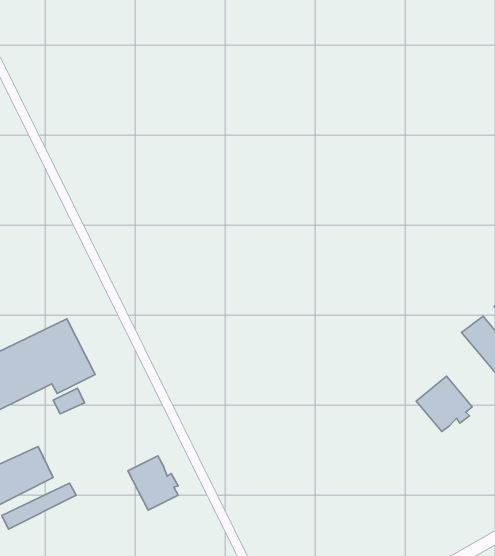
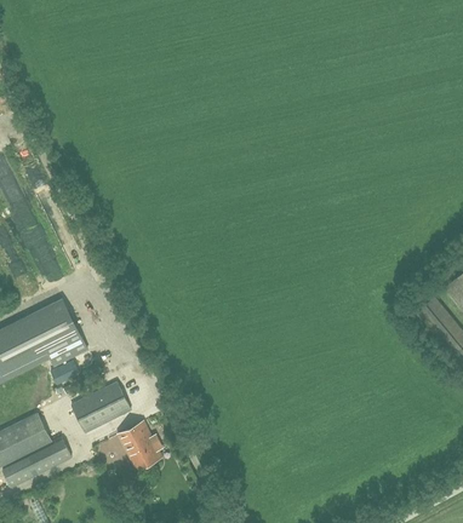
building: [416,376,472,432] -> none
building: none -> [72,380,131,431]

